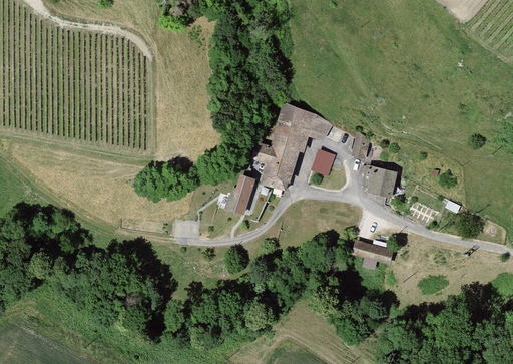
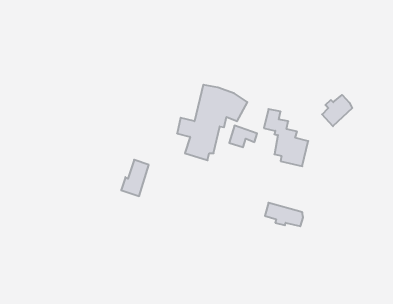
building: none -> [322,95,352,126]
building: [224,173,256,216] -> [121,160,149,196]

